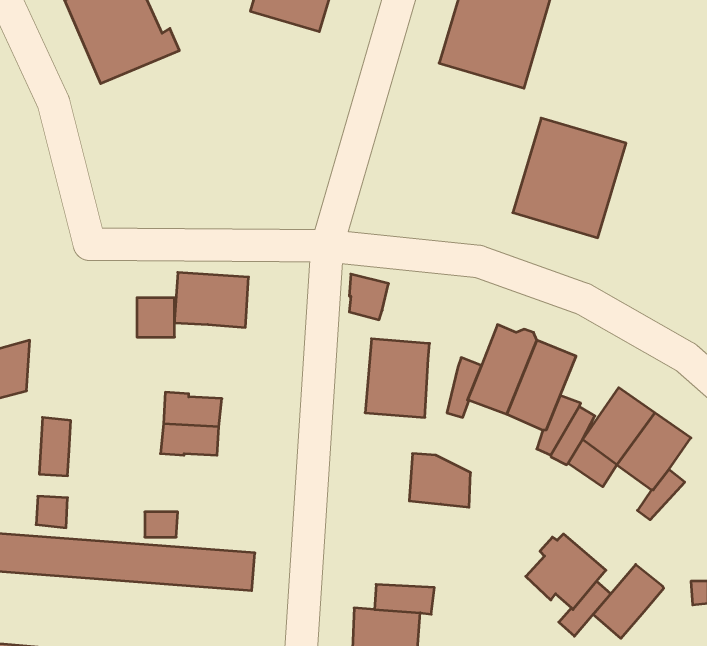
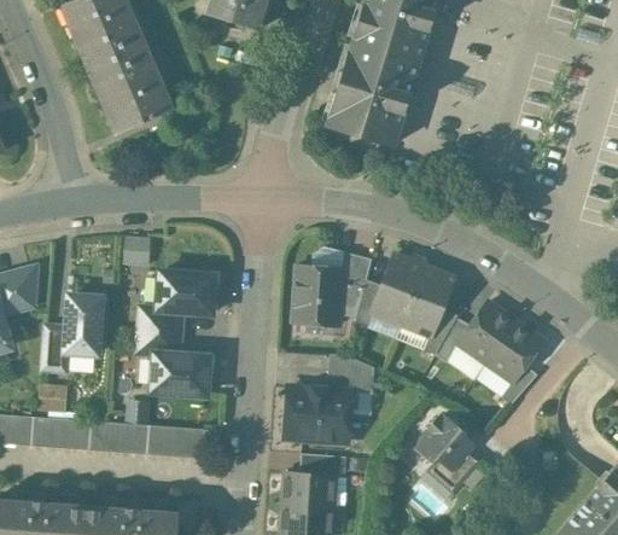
building: none -> [89,45,170,134]
building: [513,118,626,238] -> [327,54,414,146]
building: [175,272,249,327] -> [157,272,214,314]
building: [349,274,389,320] -> [340,252,371,287]
building: none -> [65,297,100,354]
building: none -> [151,354,208,395]
building: none -> [284,388,350,442]
building: [593,564,664,638] -> none

